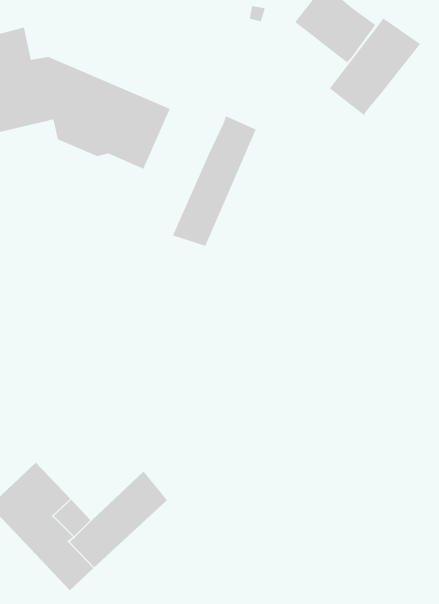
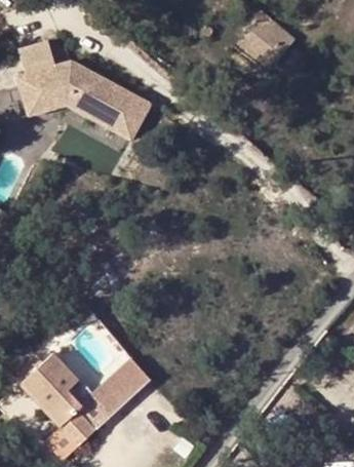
building: [329,17,421,116] -> none
building: [172,115,257,247] -> none

